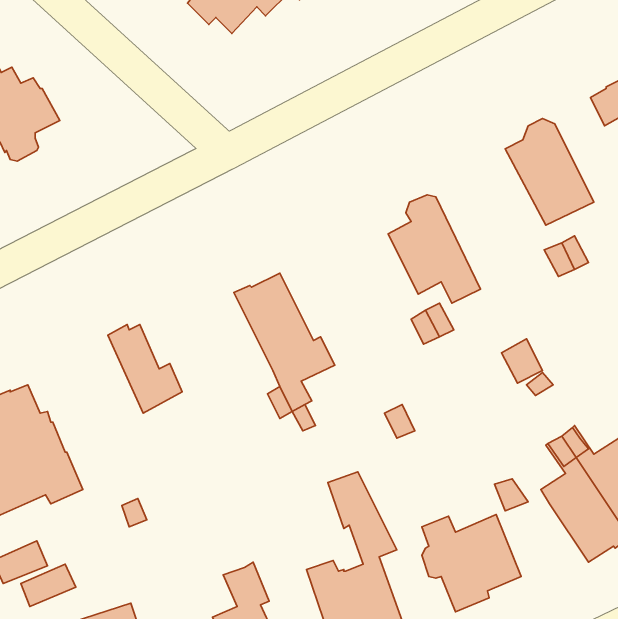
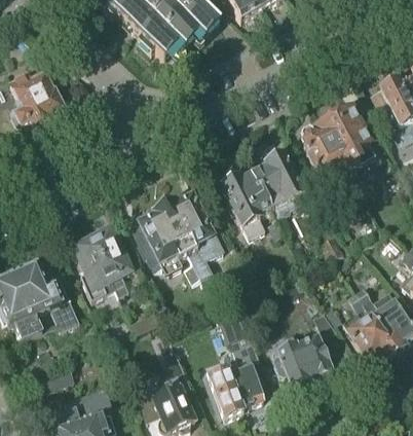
building: none -> [303,123,346,185]
building: none -> [222,172,272,235]
building: none -> [132,207,188,274]
building: none -> [75,231,113,297]

